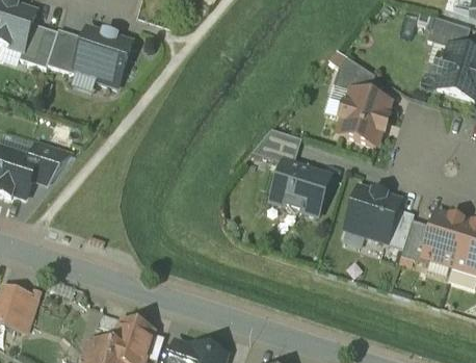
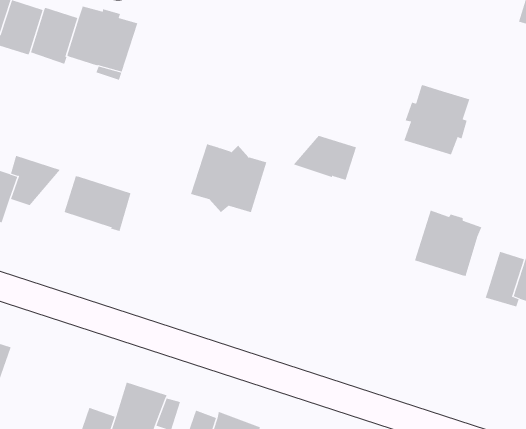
building: [333,55,375,93] -> none
building: none -> [64,176,131,232]
building: [270,159,330,213] -> [190,144,267,213]
building: [384,206,415,248] -> none

